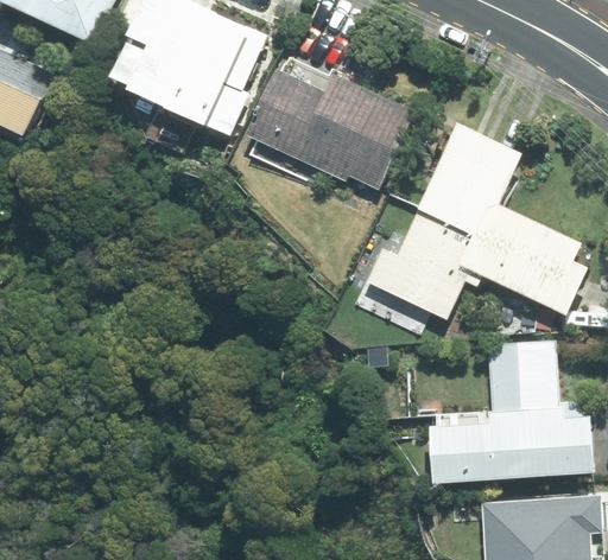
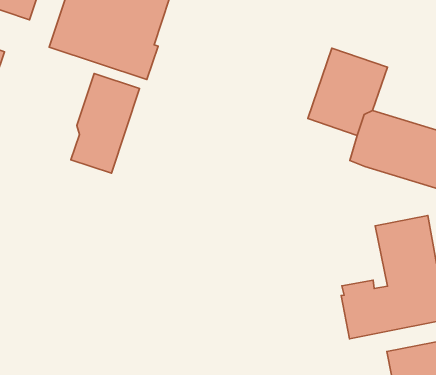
building: [245,58,412,190] -> none
building: none -> [71,73,140,173]
building: [363,205,481,320] -> none

